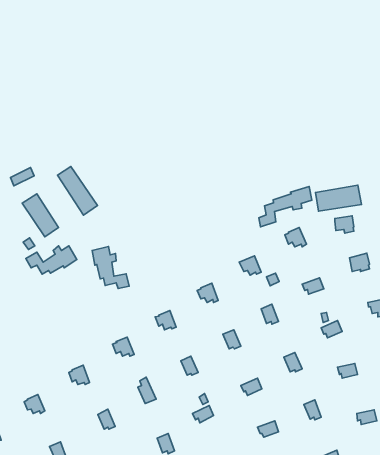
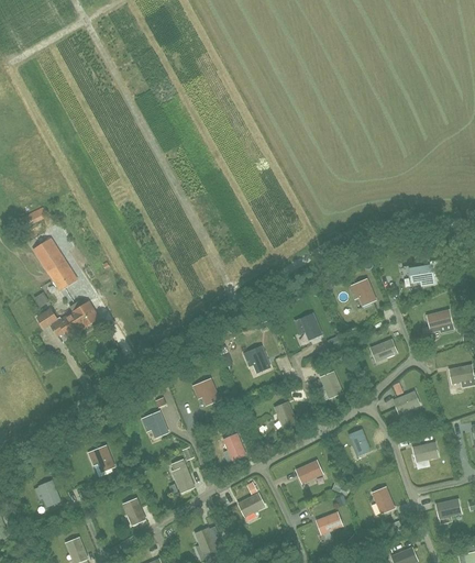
building: [57,166,97,215] -> none
building: [316,185,361,211] -> none
building: [259,187,312,227] -> none
building: [92,247,129,289] -> none

